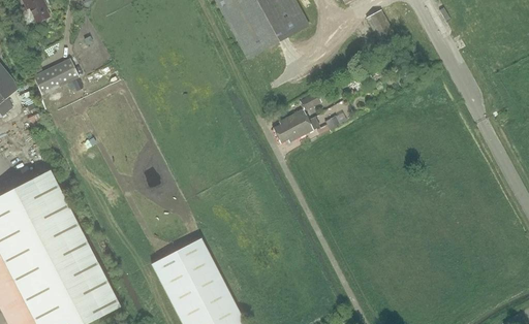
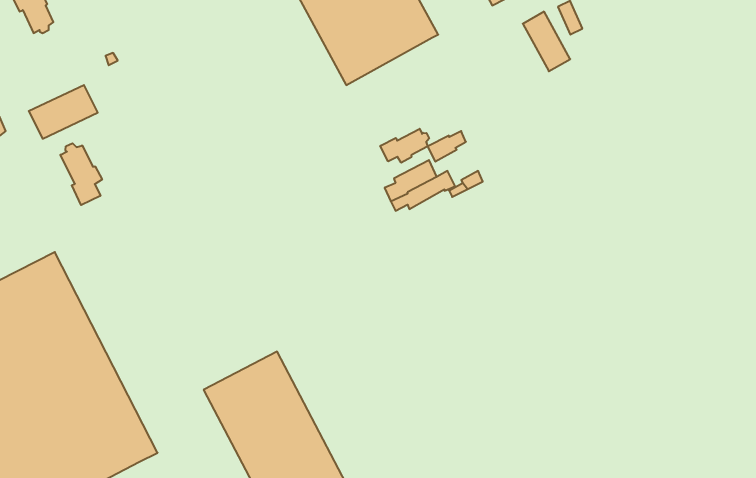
building: none -> [380,129,429,163]
building: none -> [60,143,102,205]

